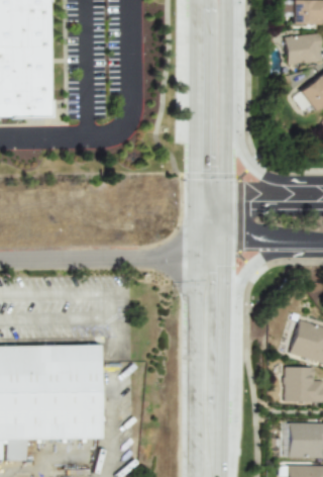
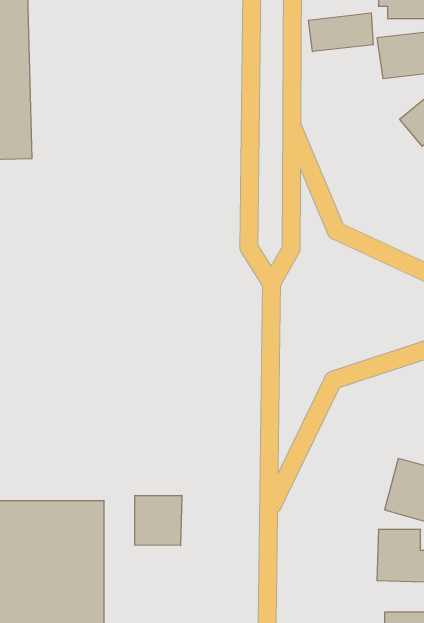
building: none -> [309,13,373,52]
building: none -> [135,495,182,546]

